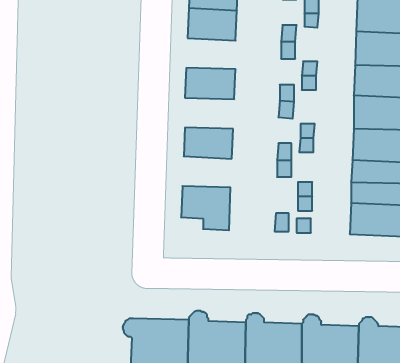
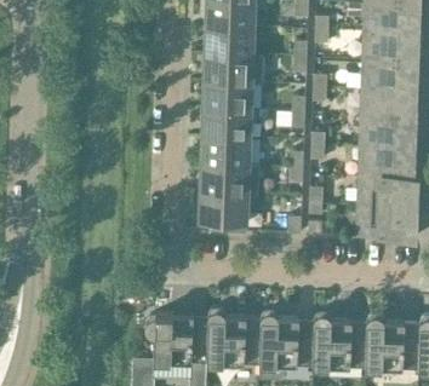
building: none -> [205,53,263,83]
building: none -> [204,109,256,138]
building: none -> [201,163,259,194]

